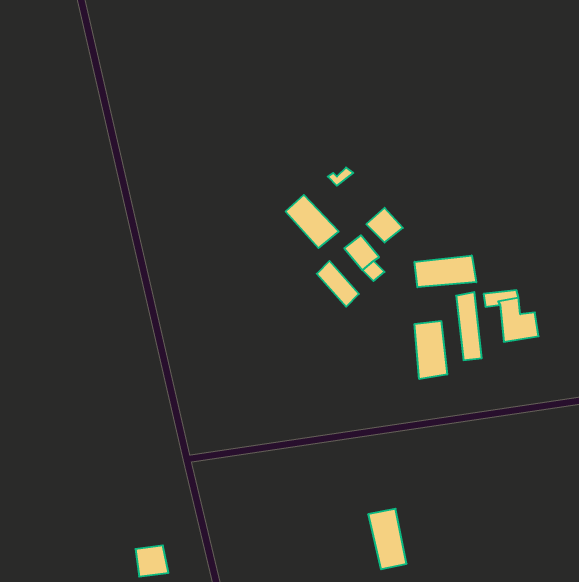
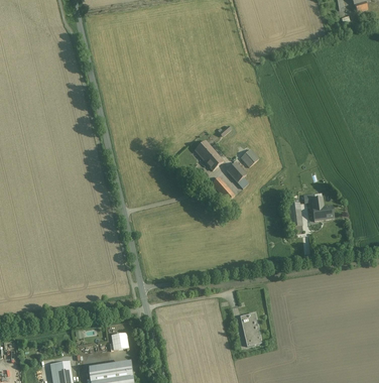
building: [415,255,476,287] -> none
building: [415,321,447,379] -> none

